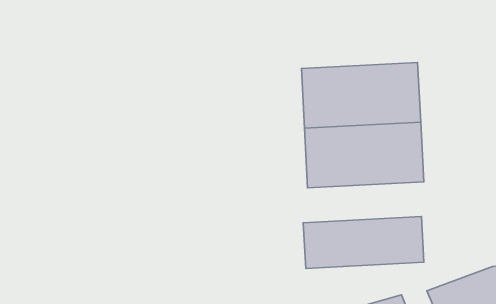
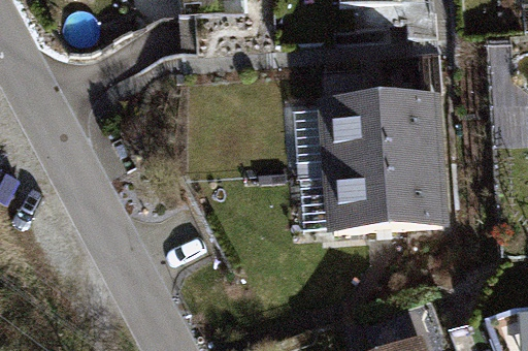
building: [303,217,424,268] -> none

